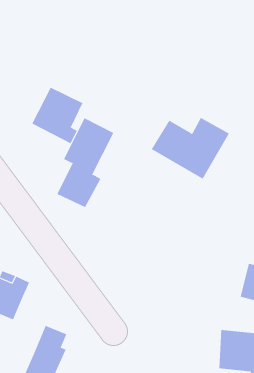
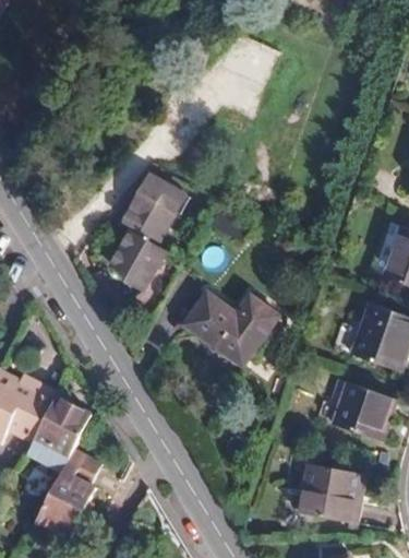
building: [31,87,83,144] -> none
building: [151,117,230,180] -> [177,290,280,371]
building: none -> [21,400,86,473]

